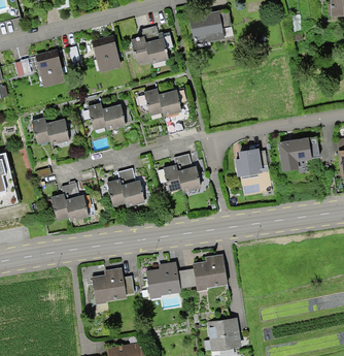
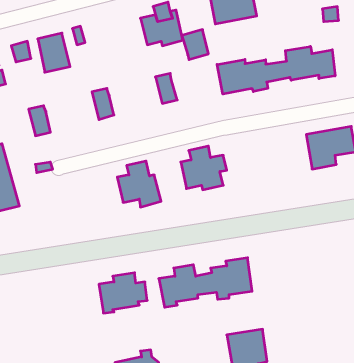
building: [92,36,122,71] -> none
building: none -> [217,46,335,94]
building: [156,89,179,116] -> [182,30,208,60]
building: [100,102,124,129] -> none
building: [43,118,67,144] -> none
building: [236,148,271,183] -> none
building: [50,182,91,221] -> none

